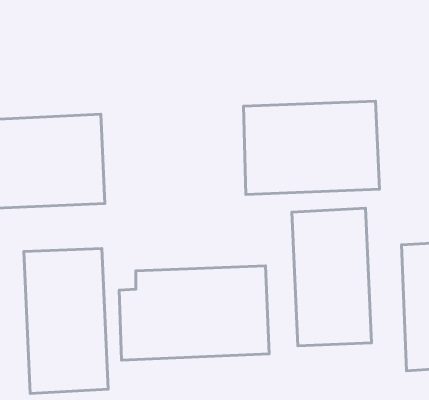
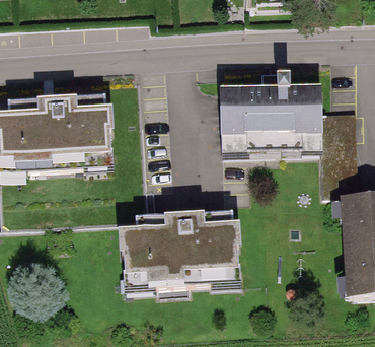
building: [292,208,372,346] -> none
building: [24,248,108,393] -> none

